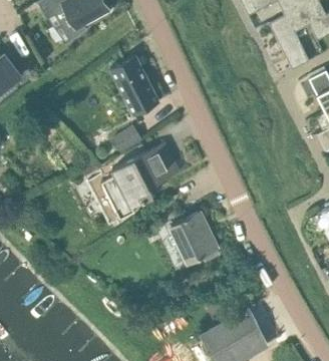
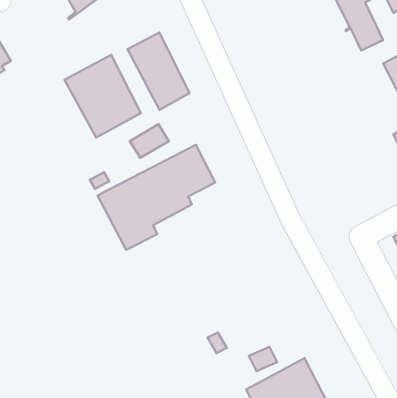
building: none -> [64,55,141,138]
building: [170,212,217,263] -> none

